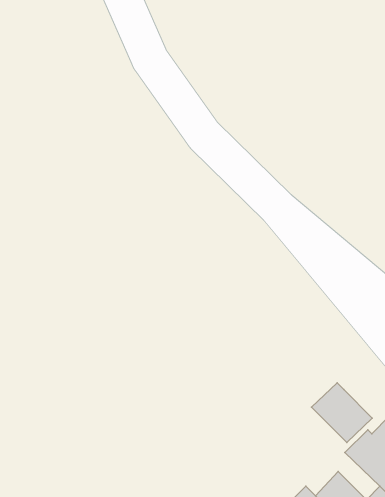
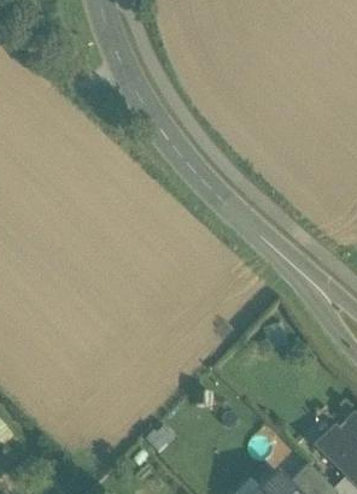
building: [312,383,372,442] -> none

